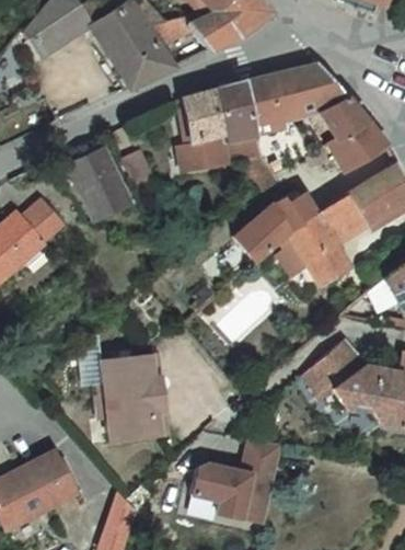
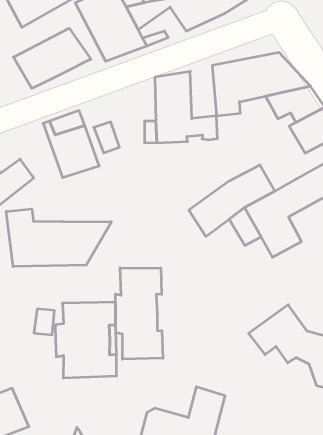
building: none -> [13,28,91,88]
building: [217,84,250,144] -> none
building: none -> [6,209,111,267]
building: none -> [115,268,163,359]

